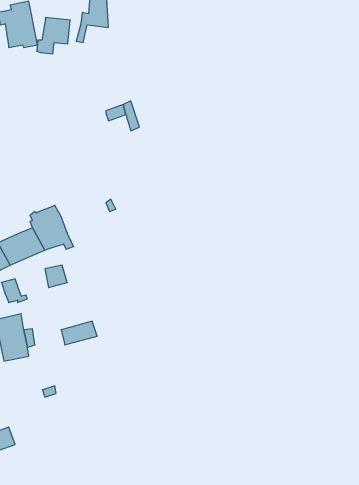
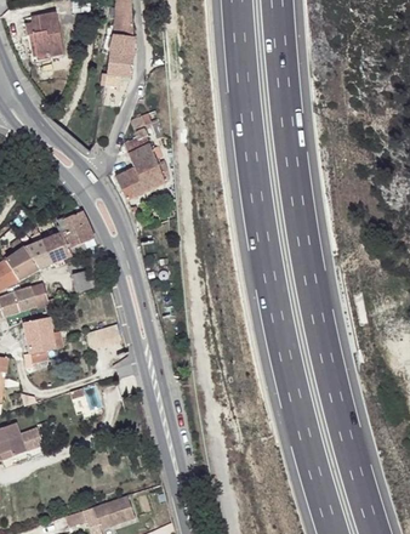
building: [37,18,70,54] -> [101,51,133,86]
building: none -> [115,127,170,200]

